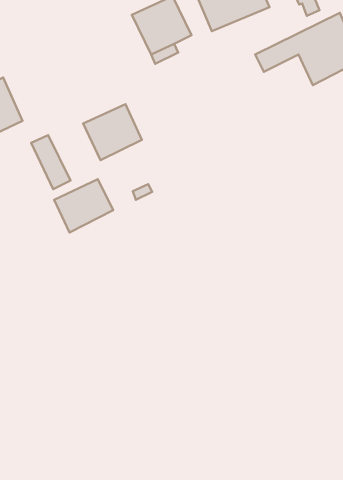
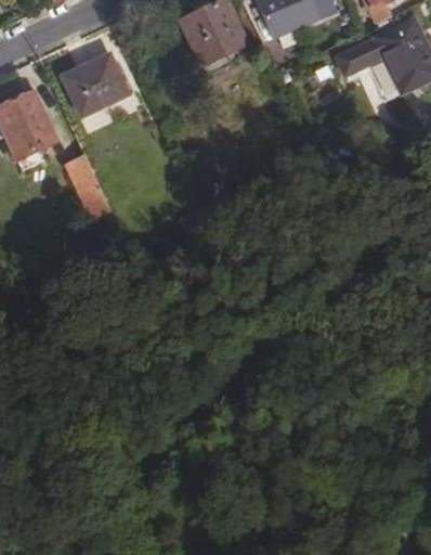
building: [83,104,142,160] -> [62,53,128,116]
building: [54,179,113,232] -> none

